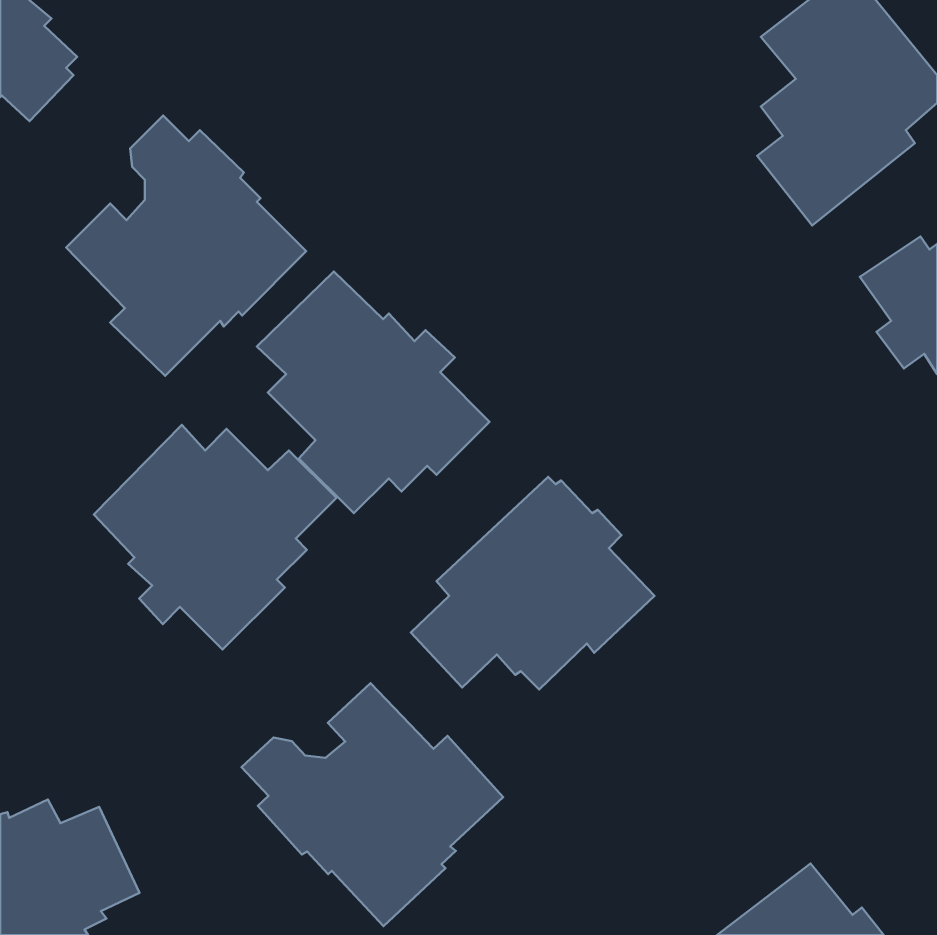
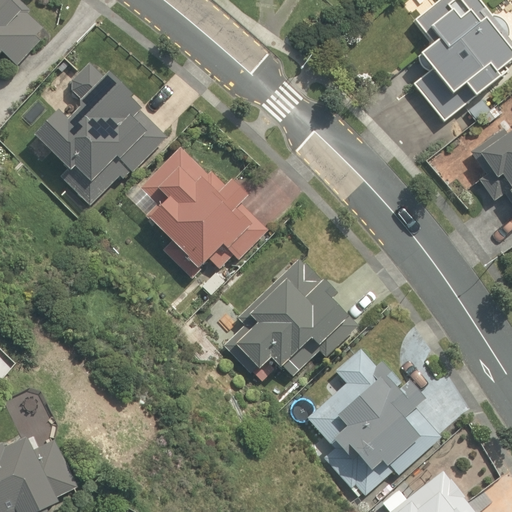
building: [94,425,336,650] -> none
building: none -> [307,349,441,495]
building: [242,683,503,926] -> none

